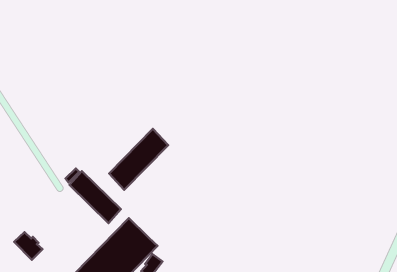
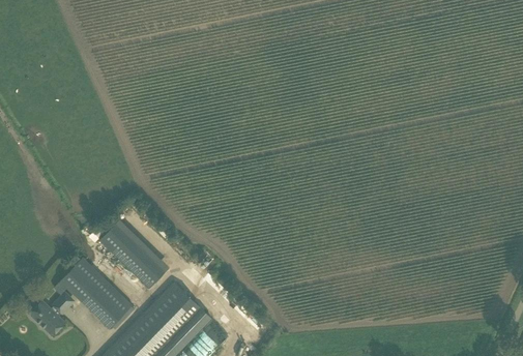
building: [109,129,168,190] -> none
building: none -> [54,258,133,329]

